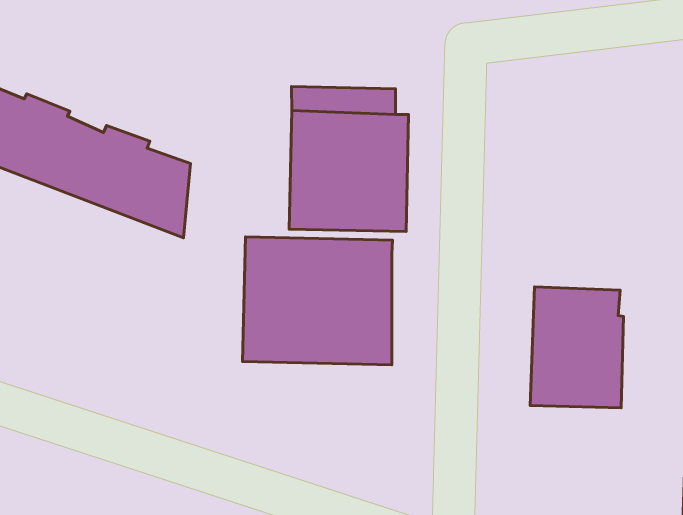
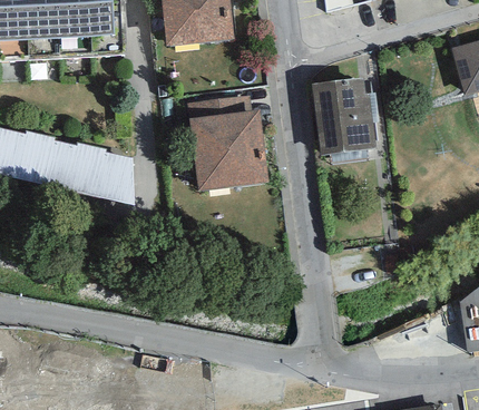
building: [242,237,393,365] -> none
building: [530,287,624,408] -> [312,77,375,155]

